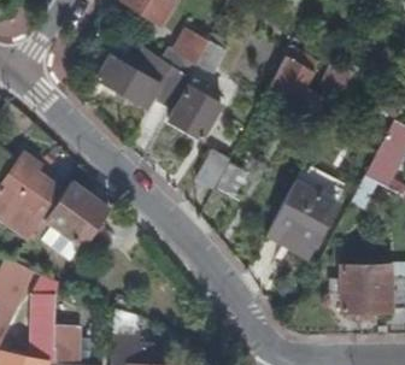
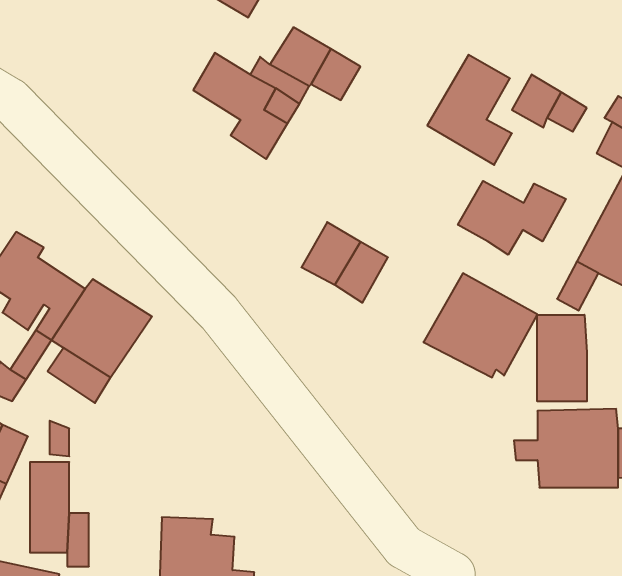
building: [96,54,159,106] -> none
building: [170,86,223,140] -> none
building: none -> [458,181,566,255]
building: none -> [537,315,587,401]

